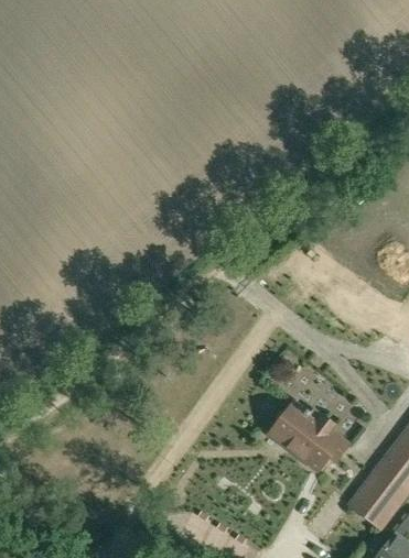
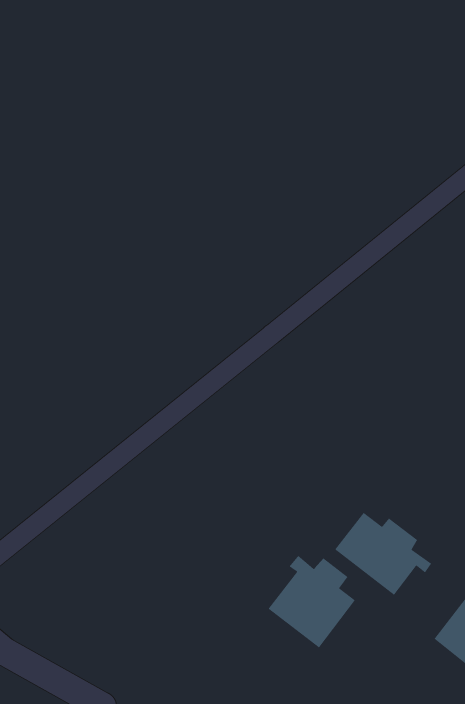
building: none -> [268,555,356,648]

